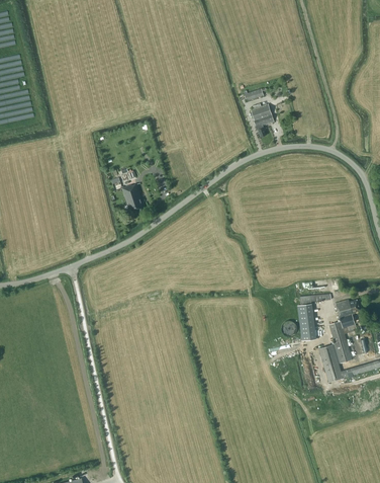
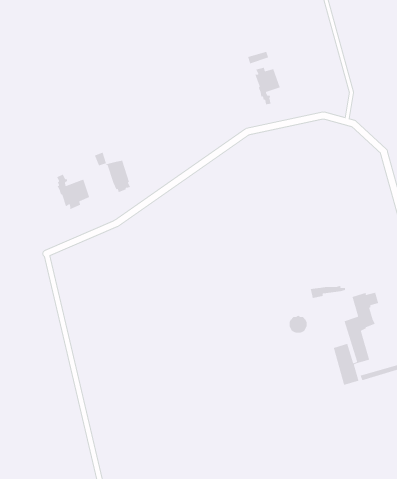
building: none -> [56,174,90,210]
building: [297,304,316,340] -> none

